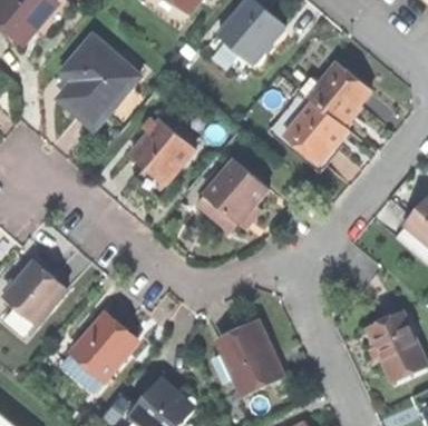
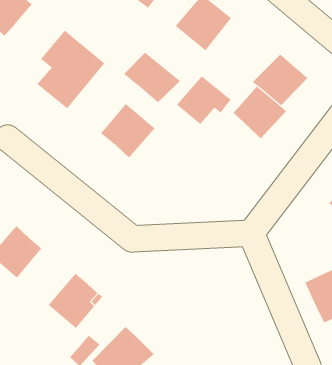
building: none -> [123,52,181,103]
building: [204,160,268,217] -> [176,76,231,125]
building: [217,326,276,396] -> none

